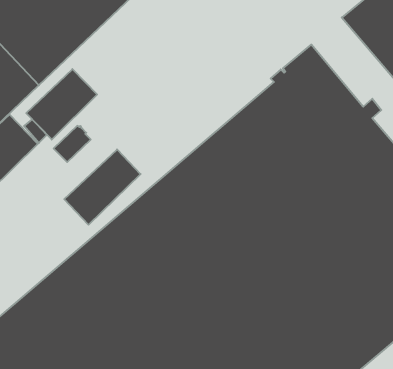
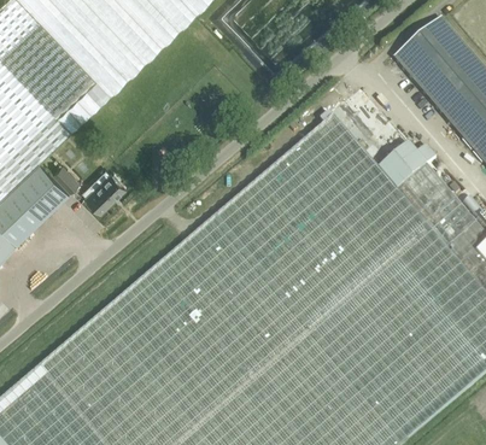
building: [26,69,97,140] -> none
building: [64,149,141,225] -> none

